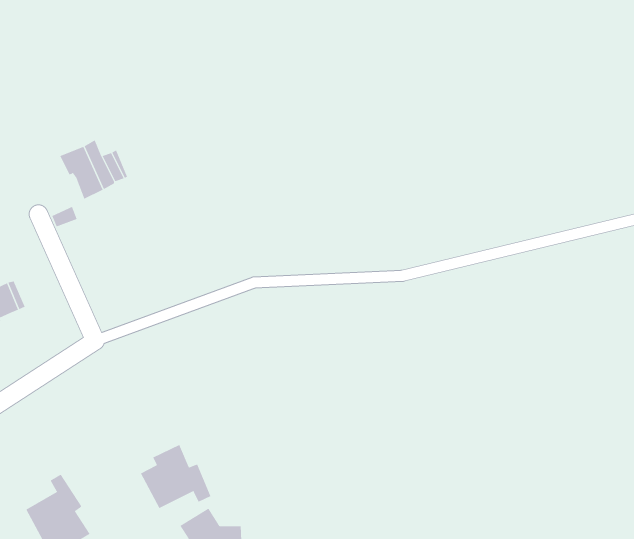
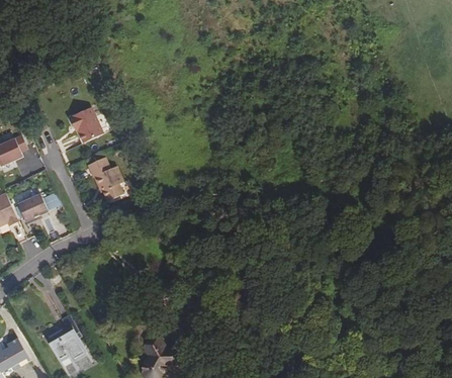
building: none -> [87,157,123,201]
building: [140,444,211,509] -> none

